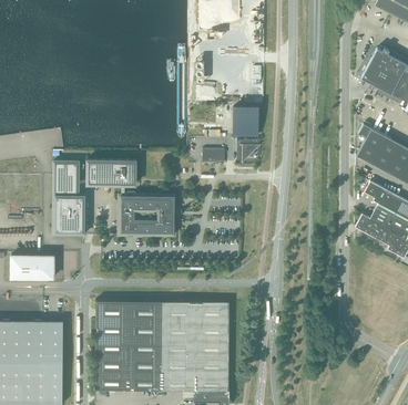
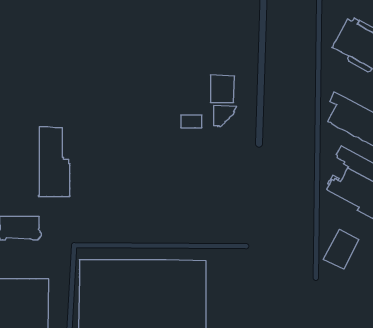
building: [84,158,175,237] -> none
building: none -> [323,229,359,269]

